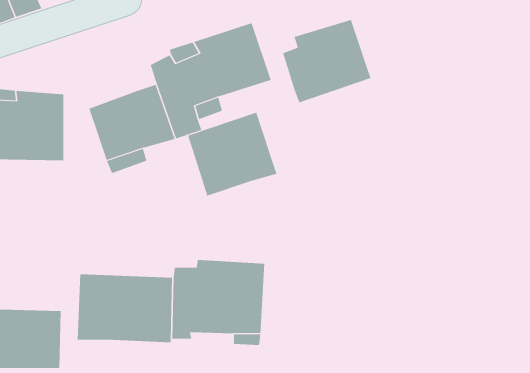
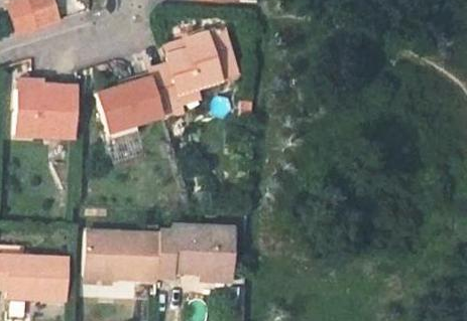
building: [282,19,371,103] -> none
building: [187,112,277,197] -> none

